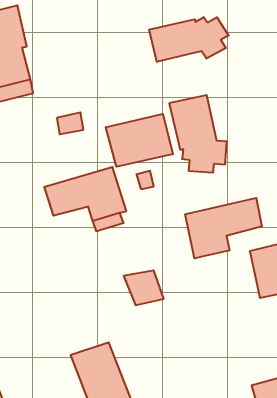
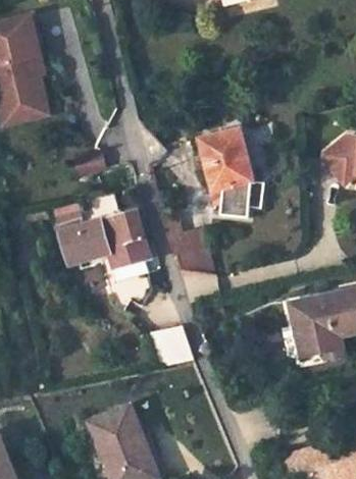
building: [149,17,229,62] -> none
building: [106,114,173,167] -> none
building: [185,198,262,258] -> none

